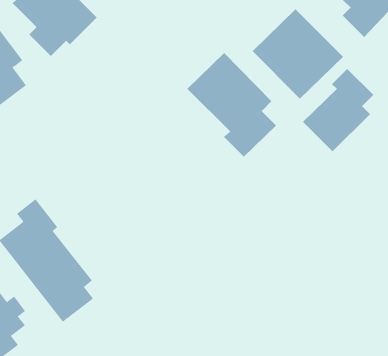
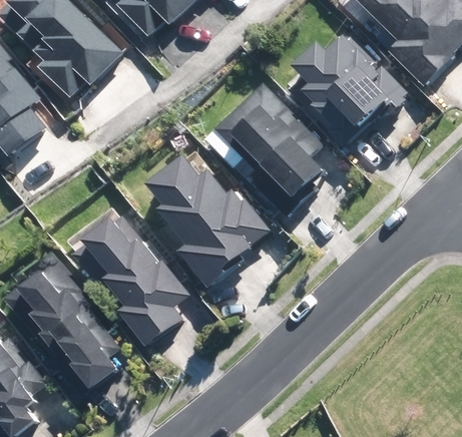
building: [302,68,374,152] -> none
building: none -> [152,159,265,277]
building: none -> [73,215,181,339]

